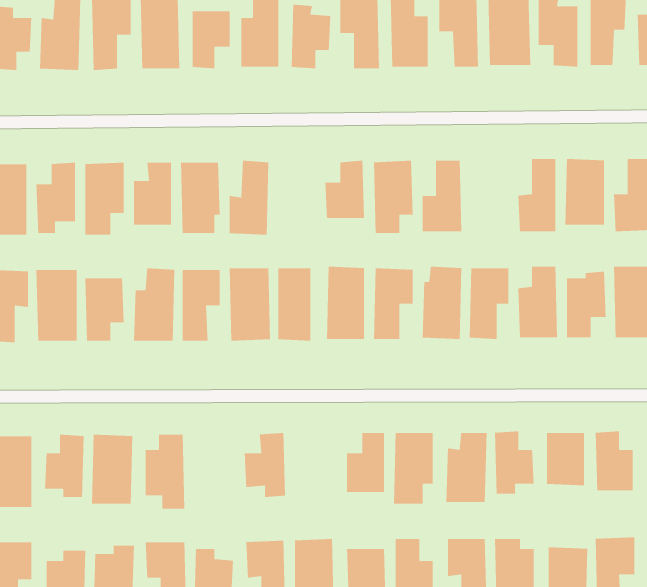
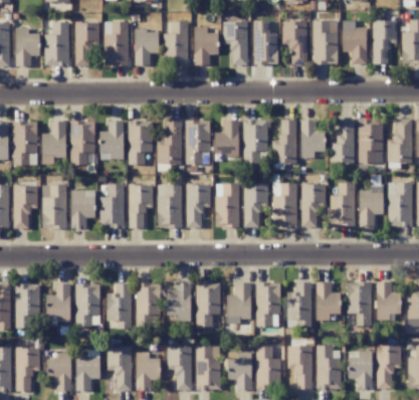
building: none -> [300,120,324,158]
building: none -> [185,121,210,164]
building: none -> [195,282,221,327]
building: none -> [136,283,160,323]

